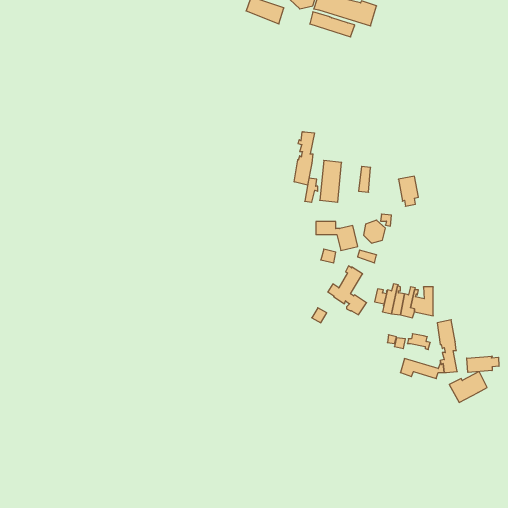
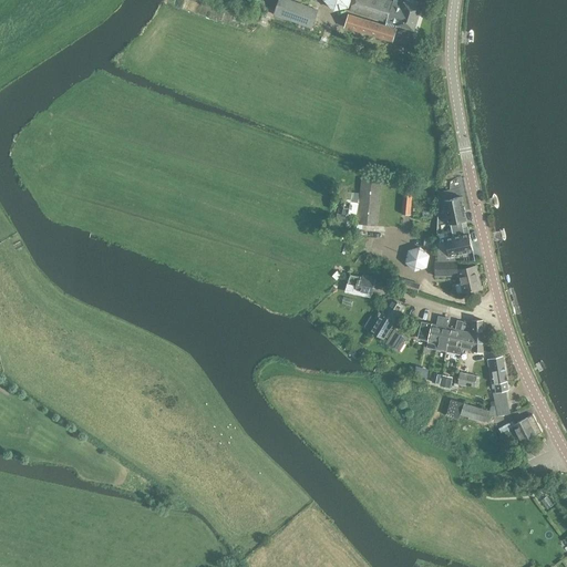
building: [294,132,314,185] -> none
building: none -> [444,227,472,255]
building: [316,222,358,250] -> [434,260,481,292]
building: [467,356,499,372] -> none

